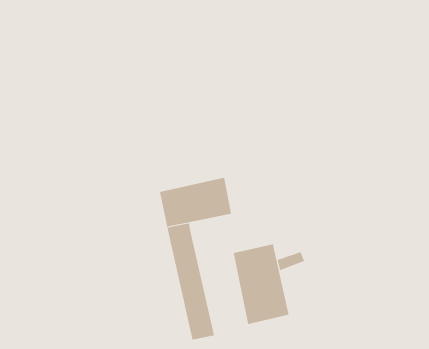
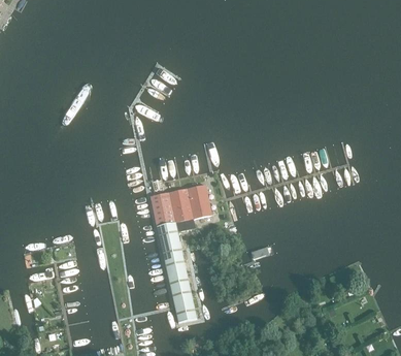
building: [233,244,289,325] -> none

